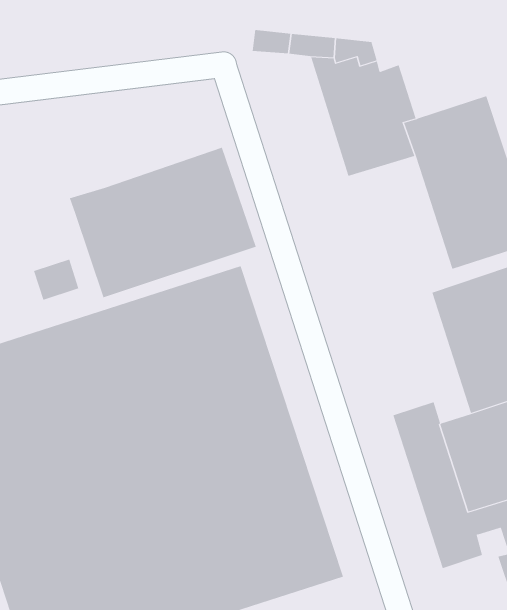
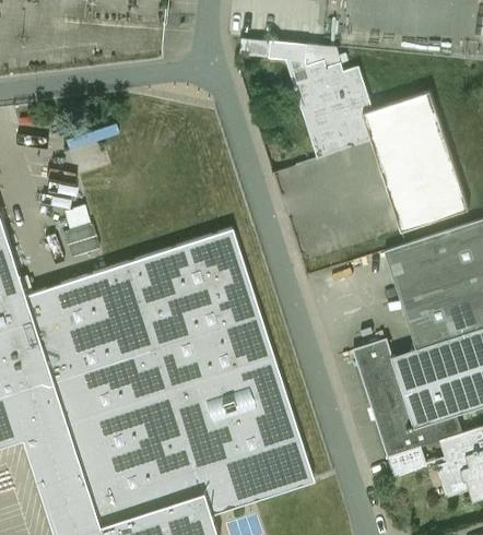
building: [69,147,256,298] -> none

